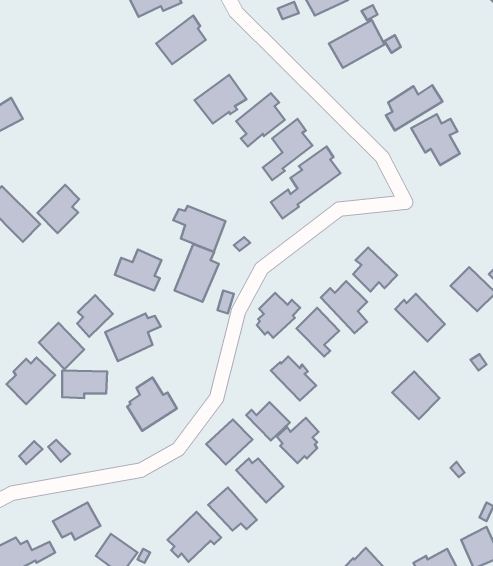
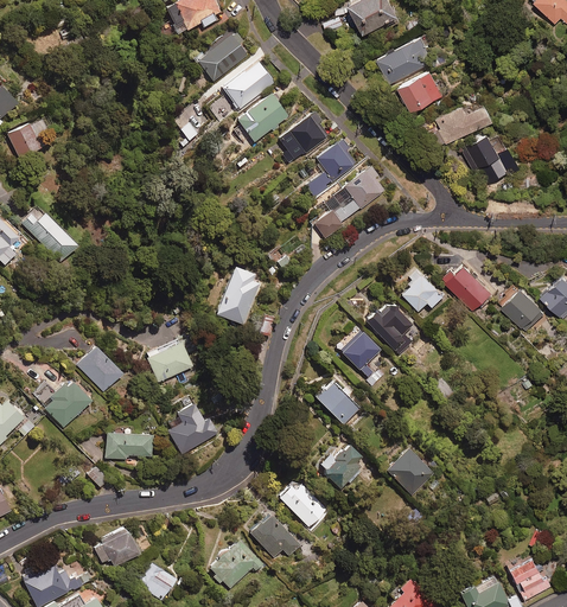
building: none -> [224,60,275,109]
building: none -> [396,70,441,113]
building: [38,185,79,233] -> none
building: [173,206,226,252] -> none
building: [115,250,161,291] -> none
building: [257,293,300,338] -> none
building: [395,294,445,341] -> [439,263,490,312]
building: [77,295,113,337] -> none
building: [62,370,107,398] -> [107,432,153,460]
building: [392,372,440,419] -> [386,447,434,496]
building: [246,402,290,441] -> none
building: [206,419,253,464] -> none

